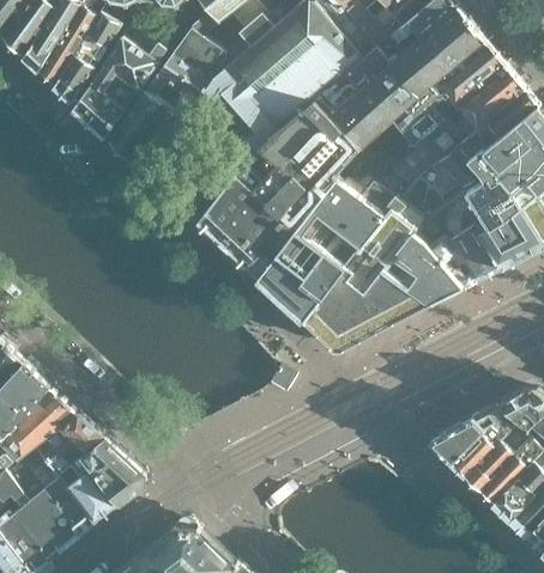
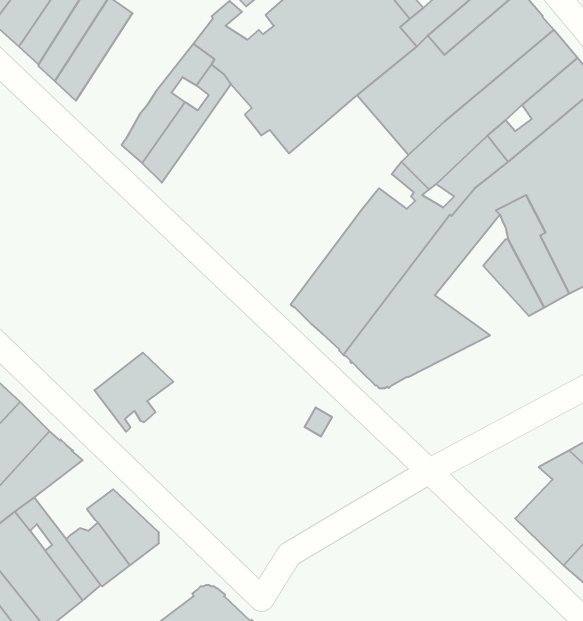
building: [74,28,167,136] -> none
building: [197,98,358,279] -> none
building: [381,201,463,305] -> none
building: [35,413,103,481] -> [94,353,173,432]
building: [429,419,483,463] -> none

